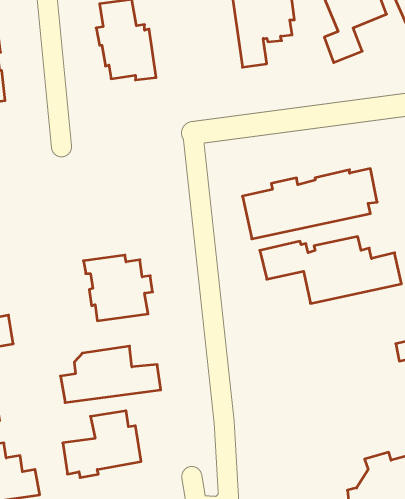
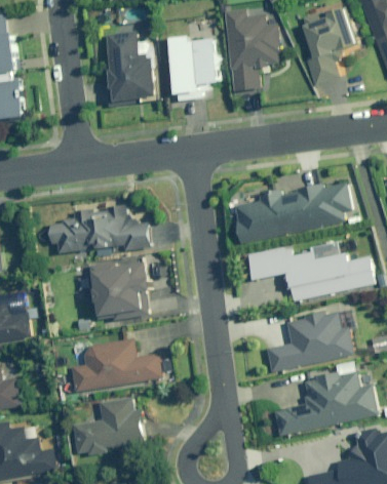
building: none -> [169,36,220,94]
building: none -> [51,205,151,253]
building: none -> [266,301,354,372]
building: none -> [270,375,373,440]

